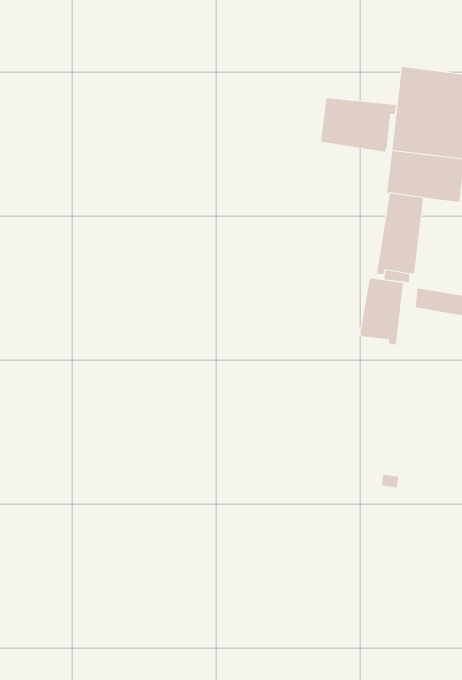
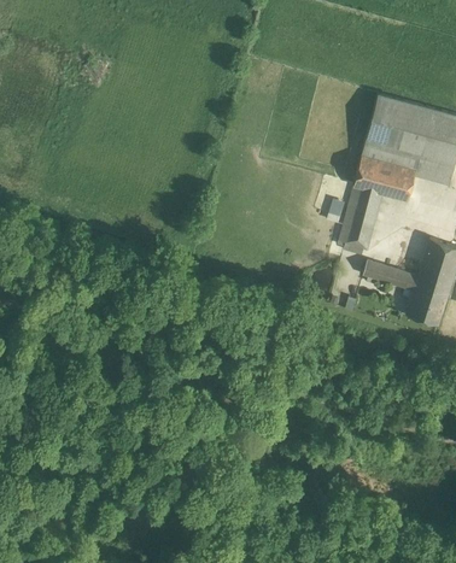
building: [321,98,397,153] -> none
building: [359,278,404,345] -> none

